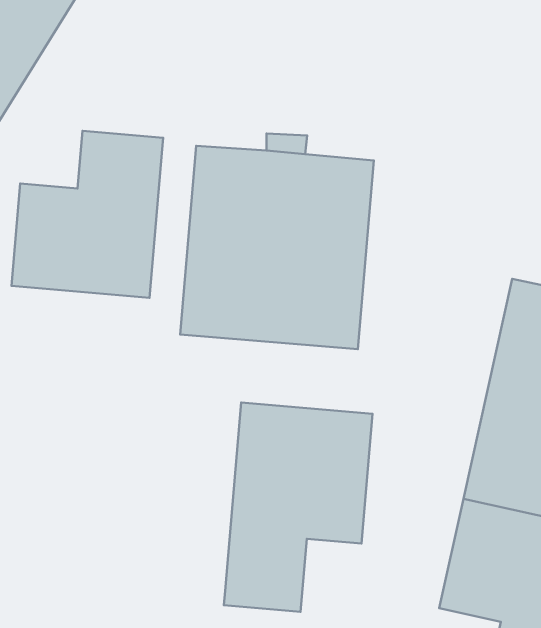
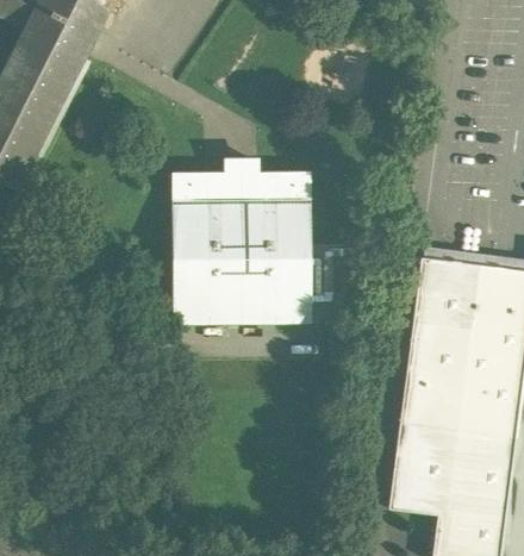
building: [12,131,163,298] -> none
building: [224,403,372,612] -> none

